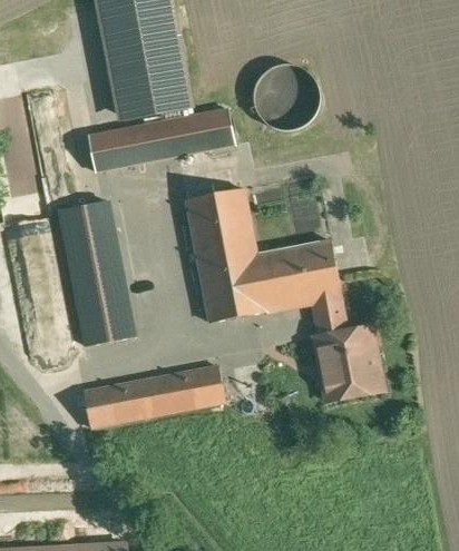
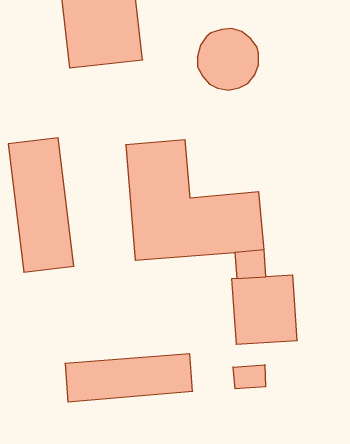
building: [89,108,238,173] -> none
building: [85,366,225,430] -> [65,354,193,402]
building: none -> [233,365,266,389]

